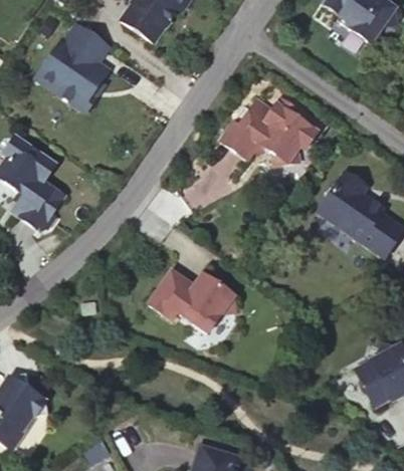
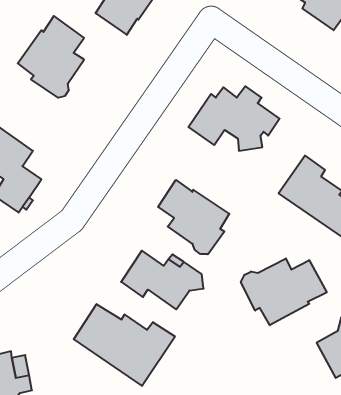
building: none -> [158,180,229,254]
building: none -> [241,258,327,325]
building: none -> [74,304,175,386]

